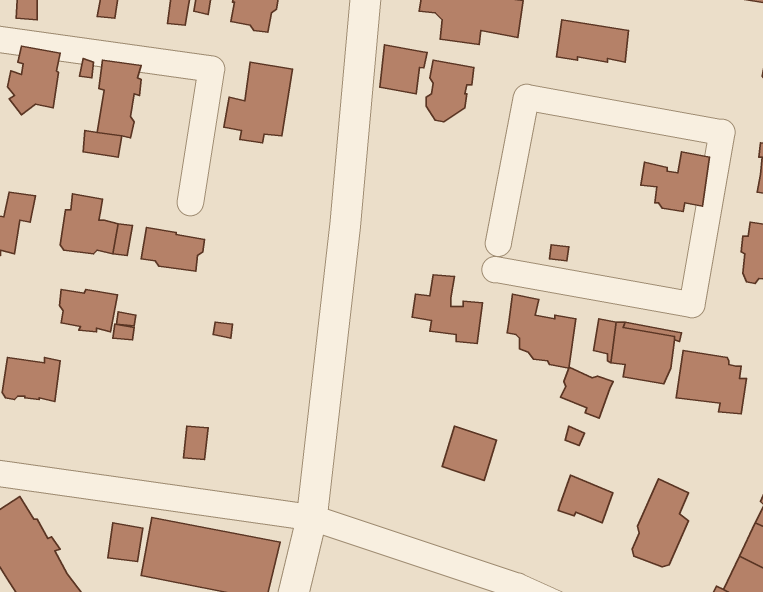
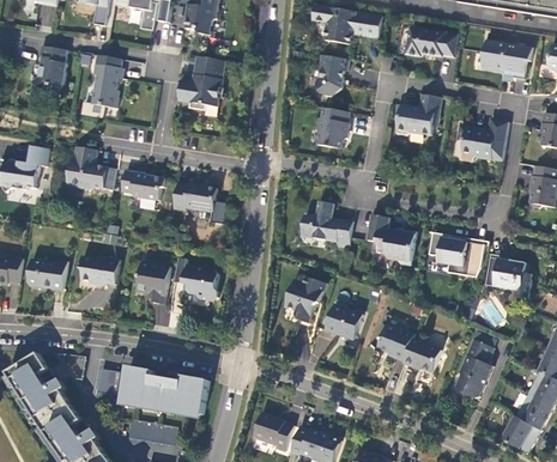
building: none -> [479,39,529,78]
building: [380,45,427,94] -> none
building: none -> [388,89,432,133]
building: none -> [315,108,349,148]
building: none -> [171,178,216,209]
building: [60,290,118,332] -> [79,254,119,282]
building: none -> [172,255,217,298]
building: none -> [135,260,169,302]
building: [560,367,613,418] -> [380,322,416,357]
building: none -> [286,275,327,322]

